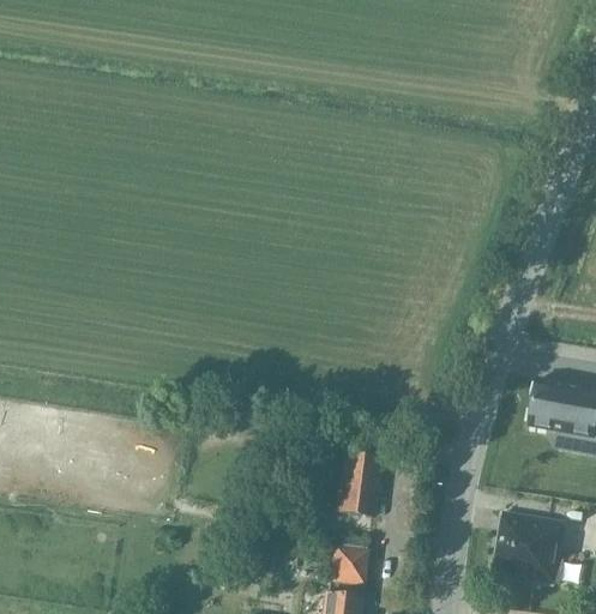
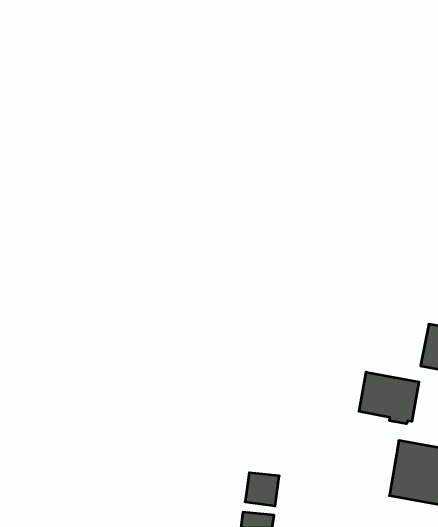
building: none -> [359,372,419,424]
building: [336,456,377,517] -> none

